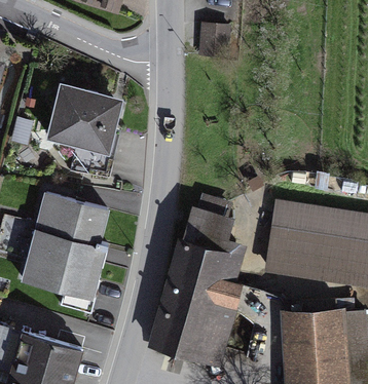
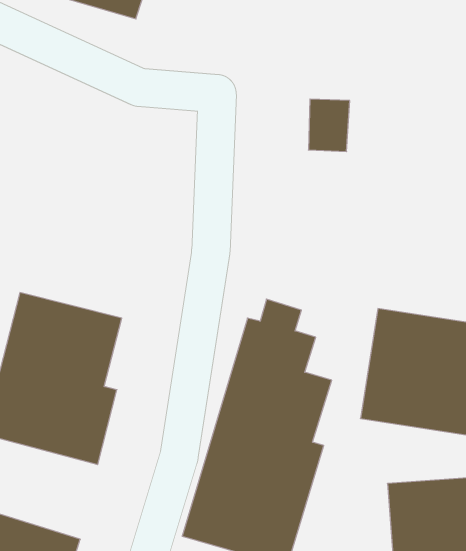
building: [201,22,228,55] -> [308,99,350,152]
building: [46,85,121,177] -> none

